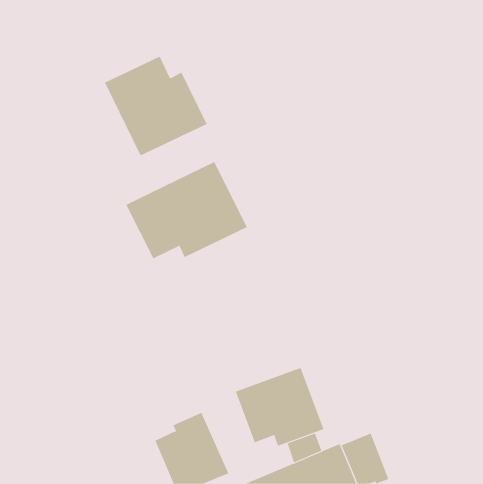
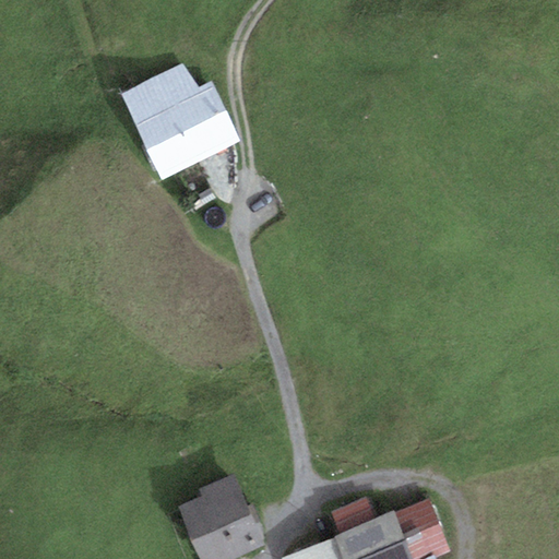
building: [126,161,247,259] -> none
building: [235,367,324,447] -> none

